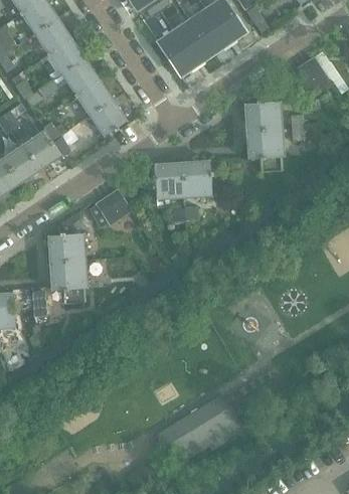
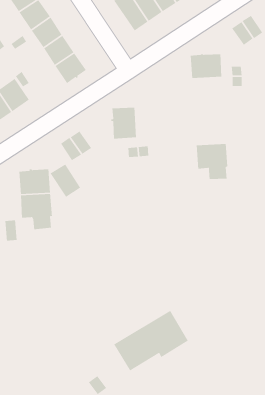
building: [246,128,284,170] -> [196,143,228,180]
building: [182,160,212,197] -> none
building: none -> [49,164,81,198]

